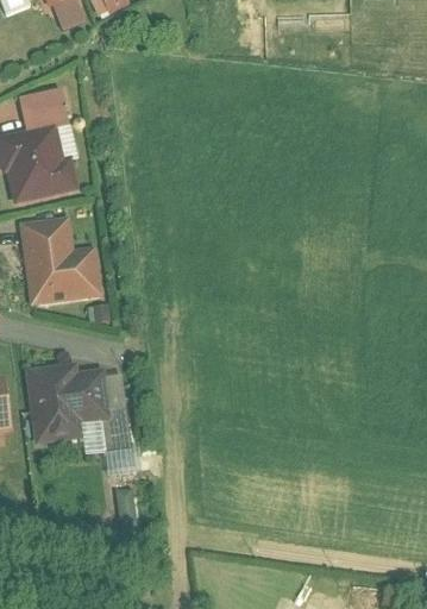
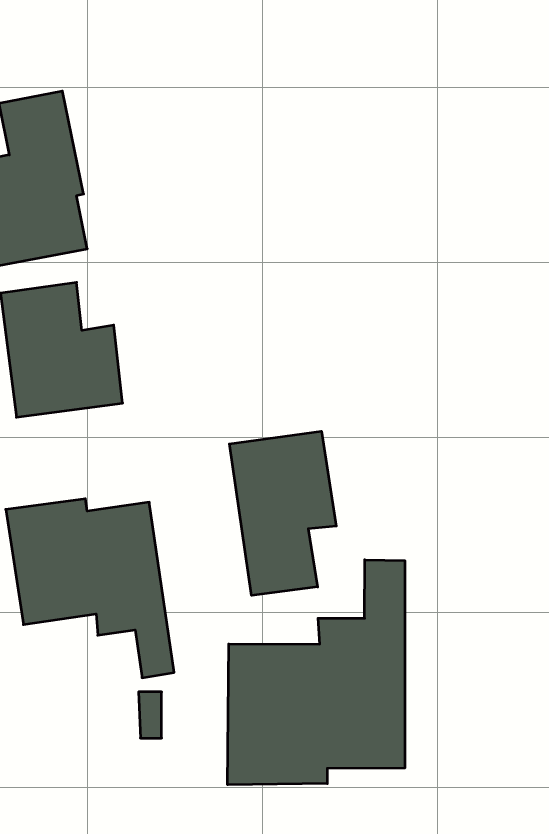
building: none -> [229,431,336,595]
building: none -> [228,560,405,785]

